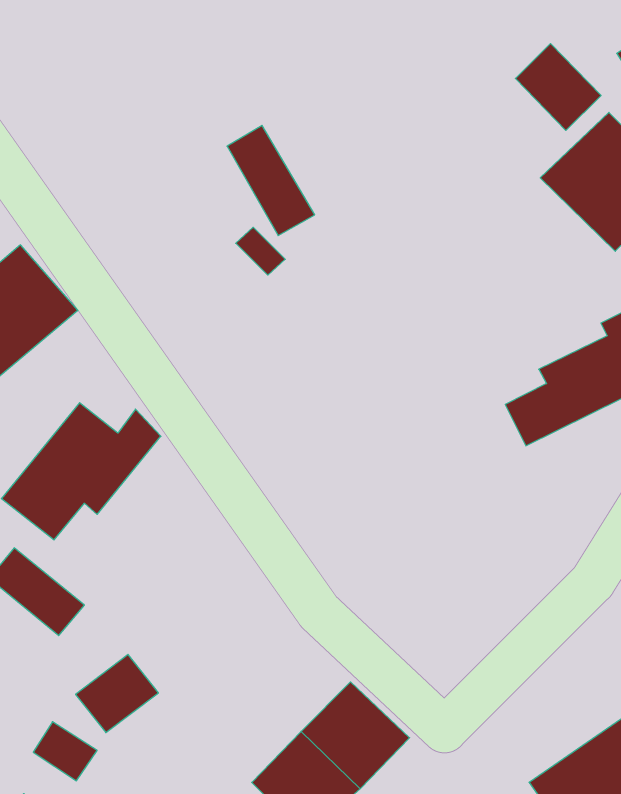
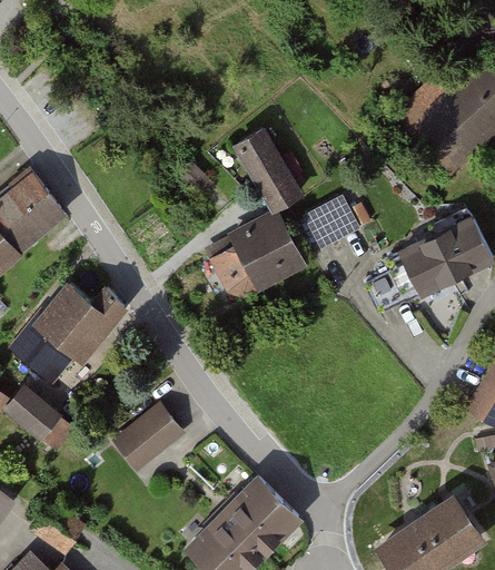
building: [515,44,601,130] -> none
building: [227,125,315,236] -> [238,132,299,209]
building: none -> [309,200,355,245]
building: none -> [212,214,305,295]
building: [76,654,158,733] -> [125,404,182,459]

